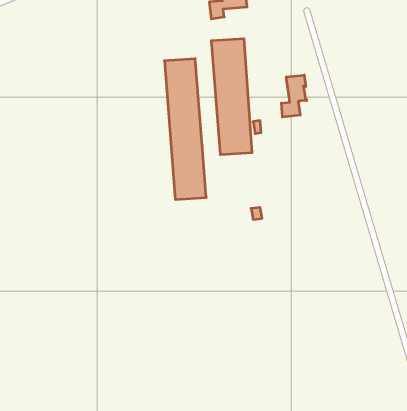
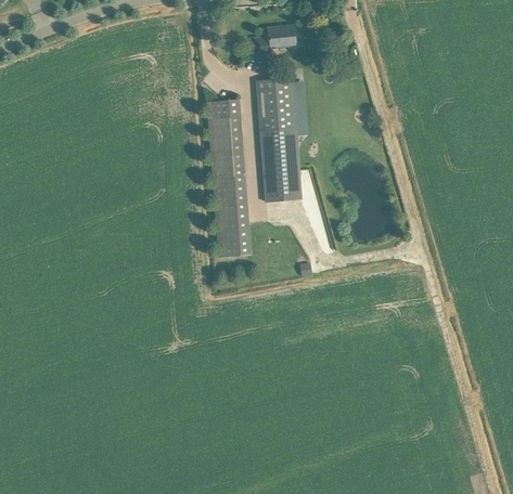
building: [281,75,307,117] -> none

